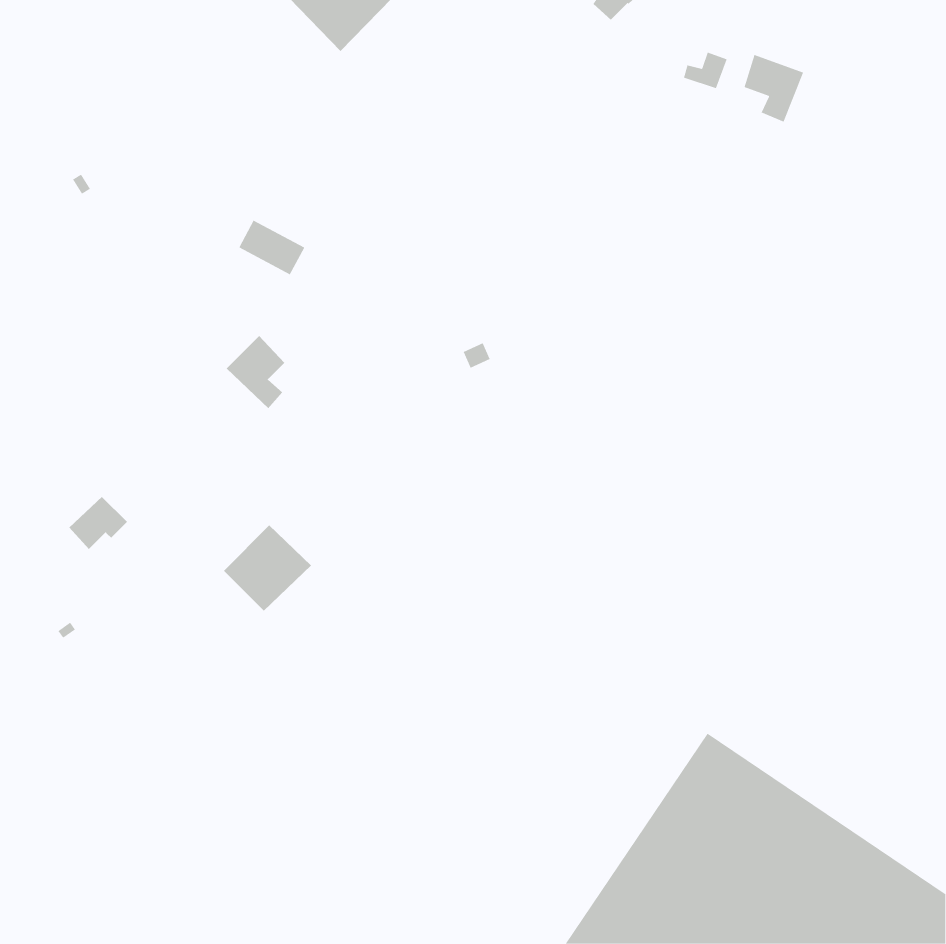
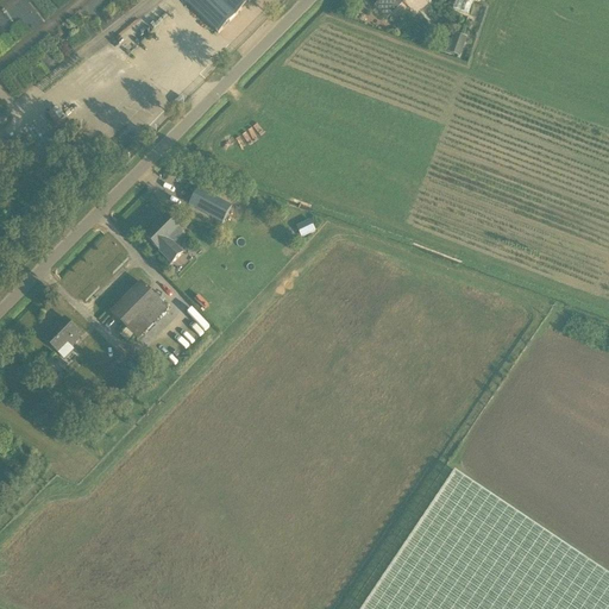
building: [744,54,804,122] -> none
building: [238,220,305,275] -> [189,188,232,224]
building: [223,525,312,612] -> [111,283,168,339]

